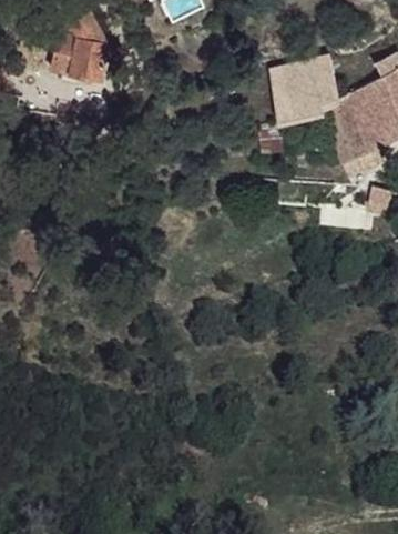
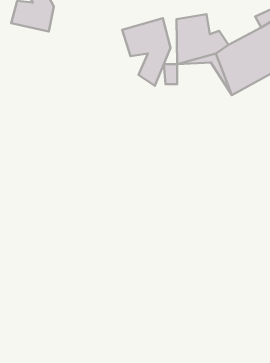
building: none -> [122,18,171,86]

